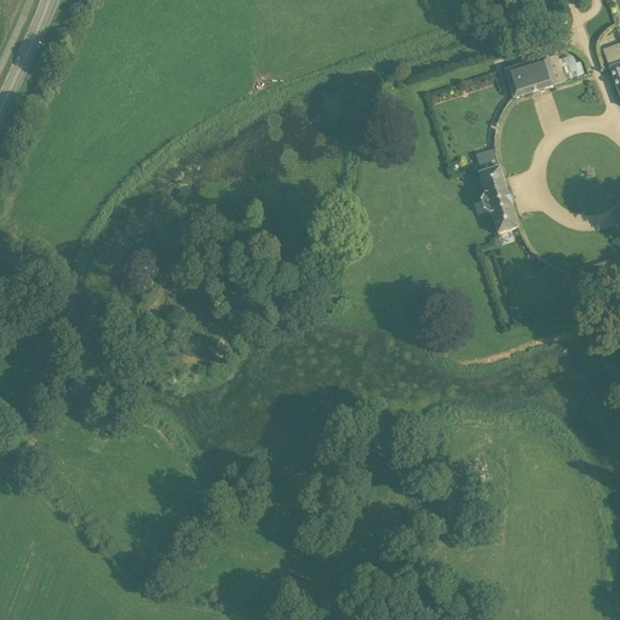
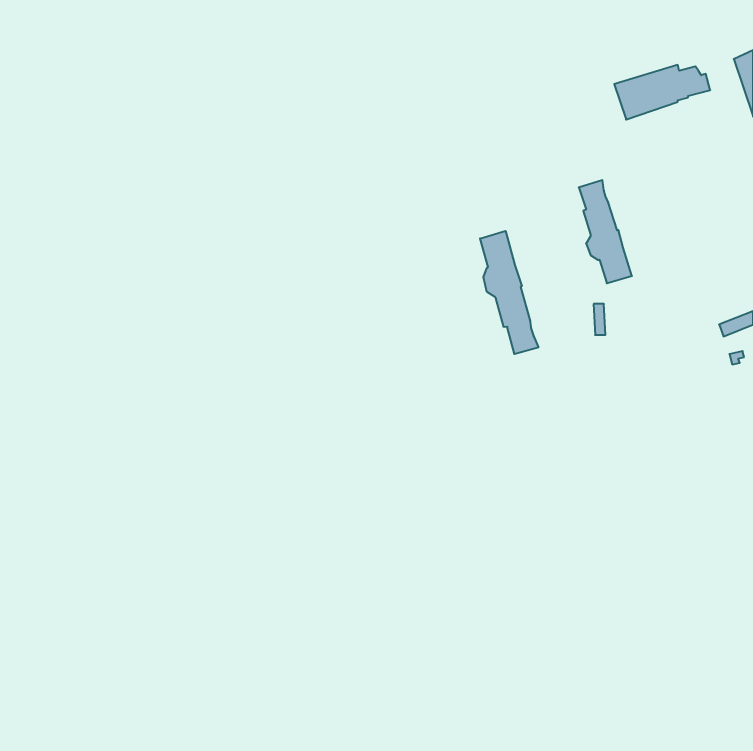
building: none -> [480,231,538,354]

